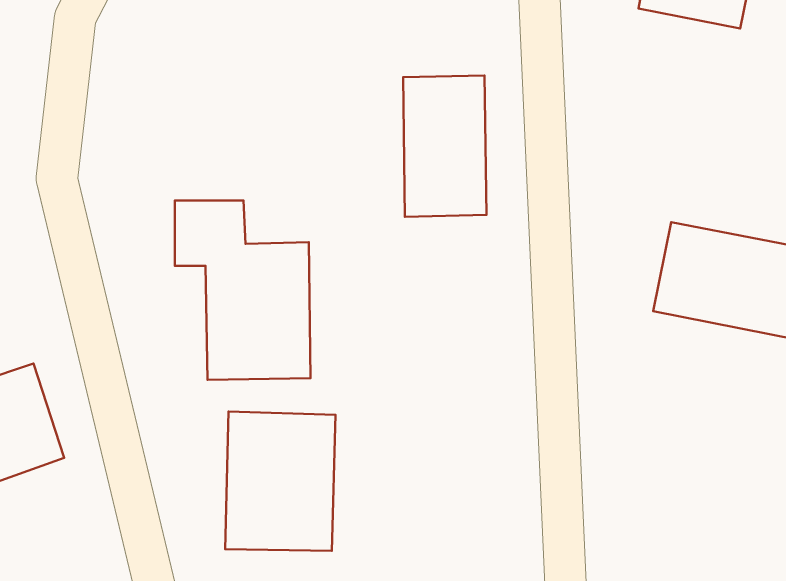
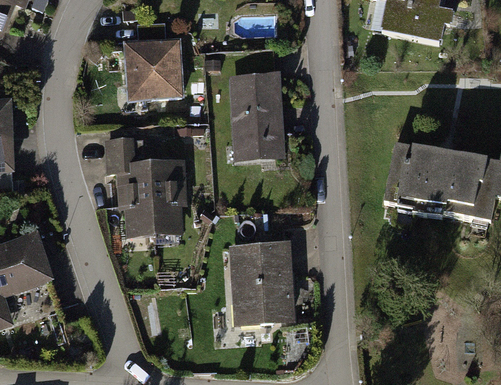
building: none -> [119,47,170,102]
building: [225,411,336,551] -> [239,242,300,319]

